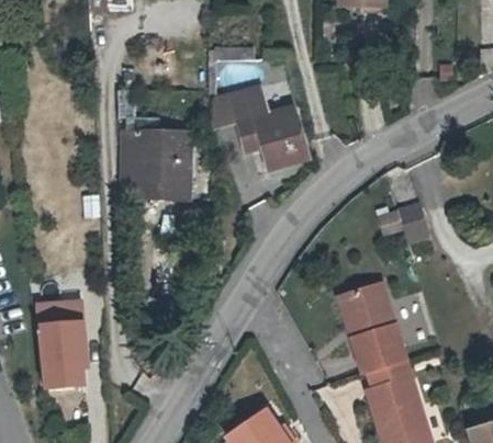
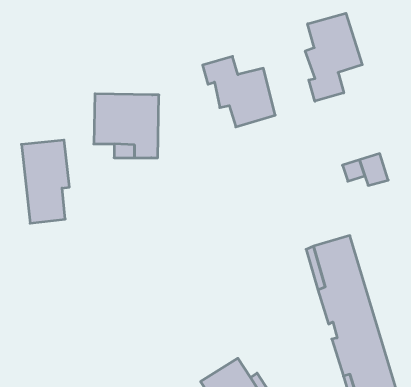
building: none -> [305,13,362,101]
building: [211,89,262,133] -> none
building: [37,293,87,378] -> [21,140,69,223]

